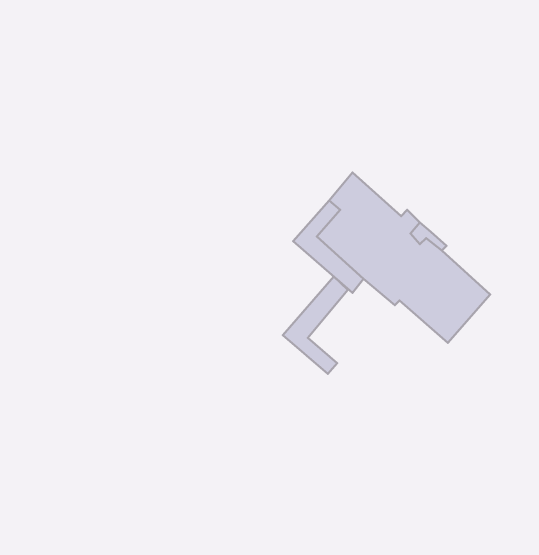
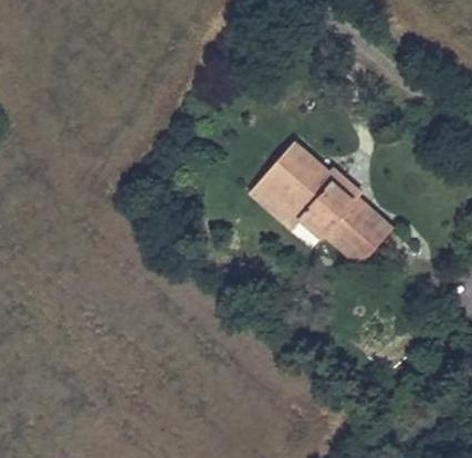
building: [283,277,348,374] -> none

